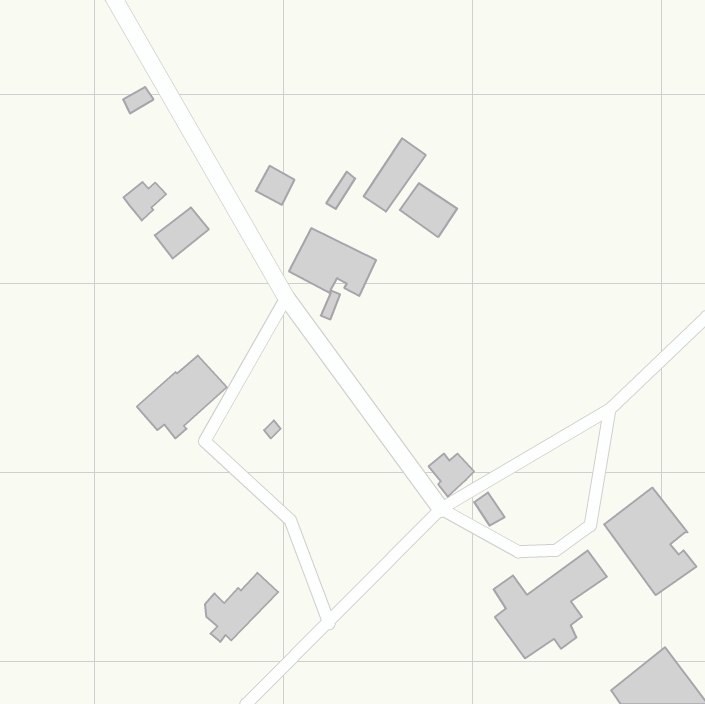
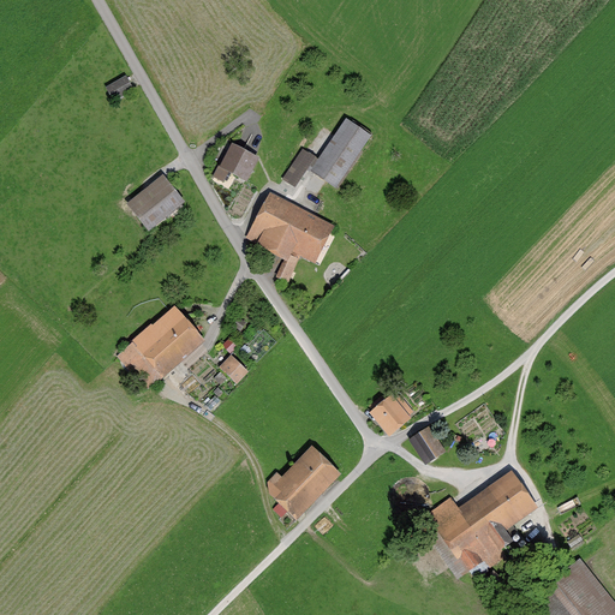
building: [124,182,166,221] -> none
building: [400,183,457,237] -> none
building: [604,488,696,595] -> none
building: [205,573,278,642] -> [270,454,334,514]

